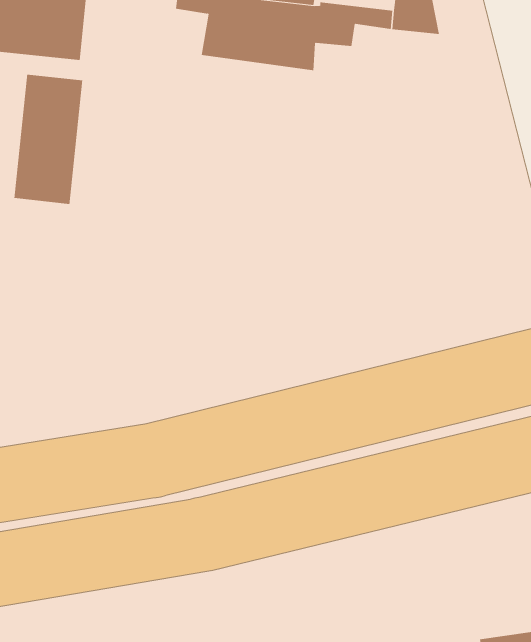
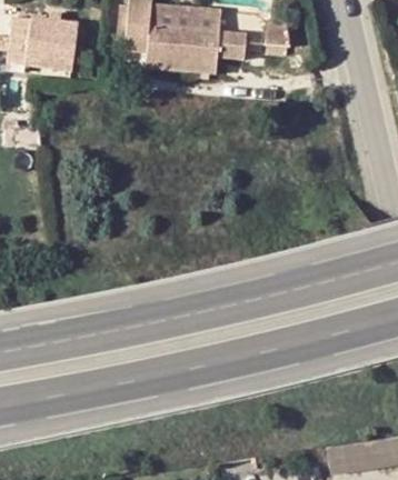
building: [14,74,83,205] -> none

